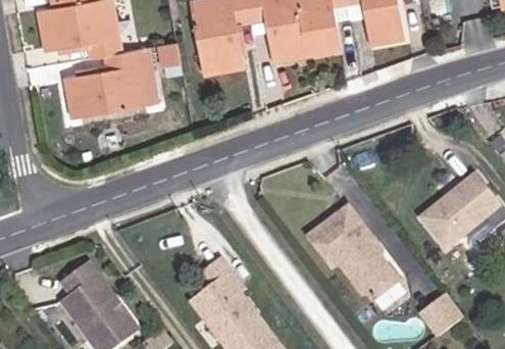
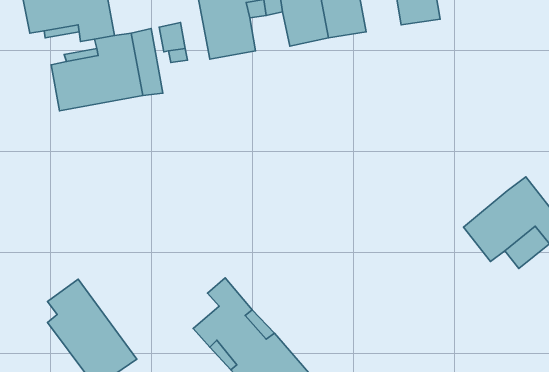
building: [309,211,399,300] -> none
building: [424,297,465,338] -> none

